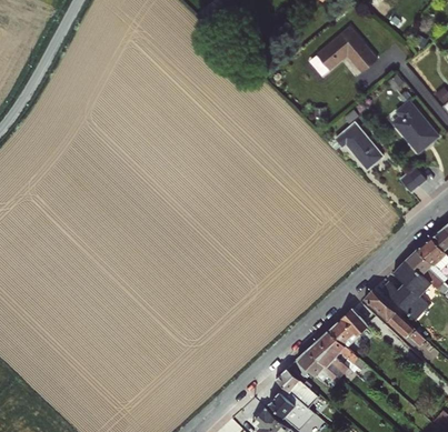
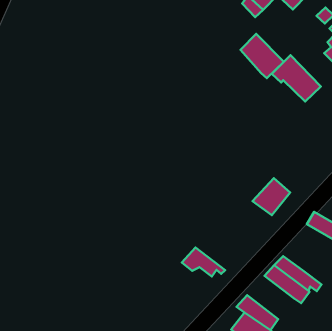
building: none -> [240,34,284,78]
building: [328,309,368,348] -> [253,178,290,215]
building: [291,350,336,382] -> [182,247,225,277]

